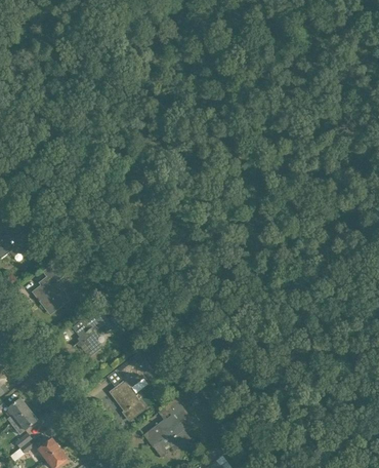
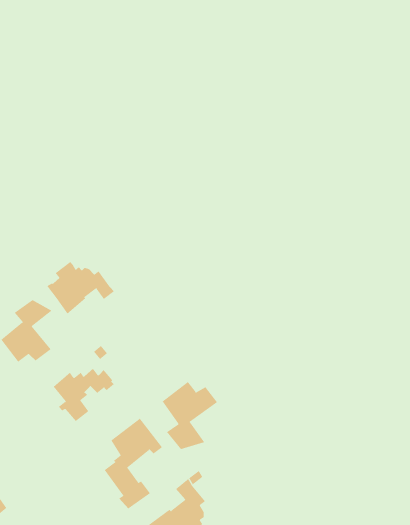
building: none -> [47,261,115,314]
building: none -> [162,381,218,450]

